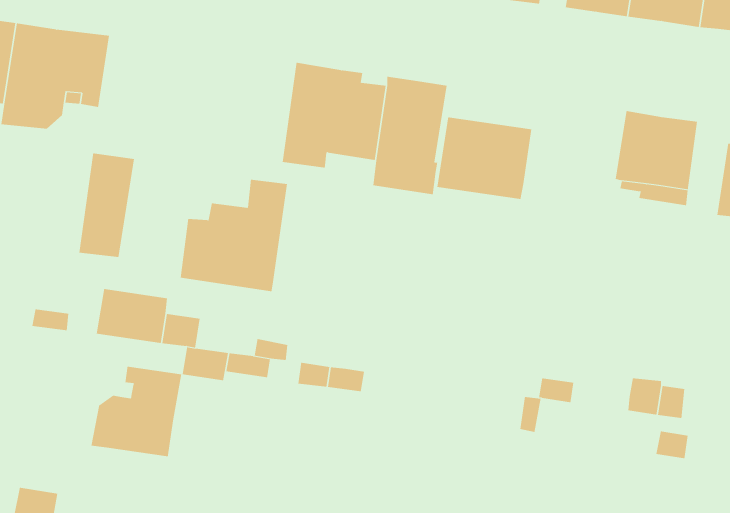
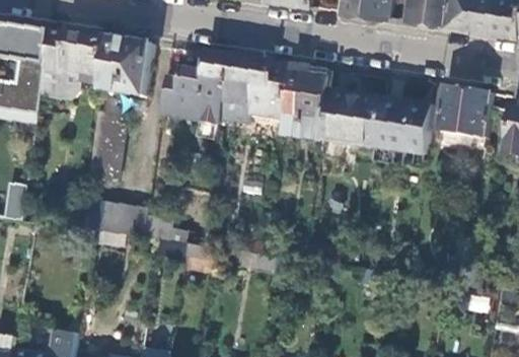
building: none -> [102,38,153,96]
building: none -> [377,98,434,151]
building: [180,179,288,292] -> [161,52,231,125]
building: [91,366,182,457] -> none

